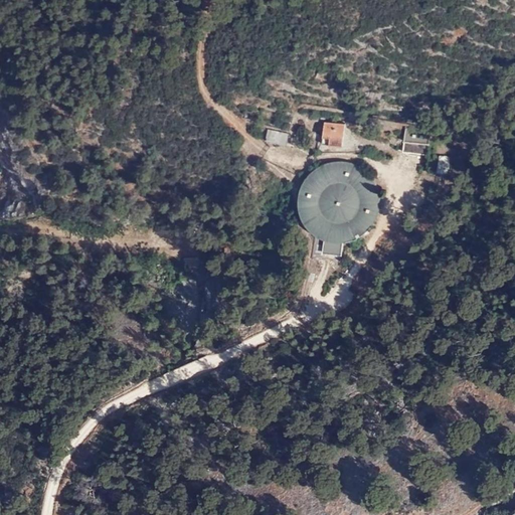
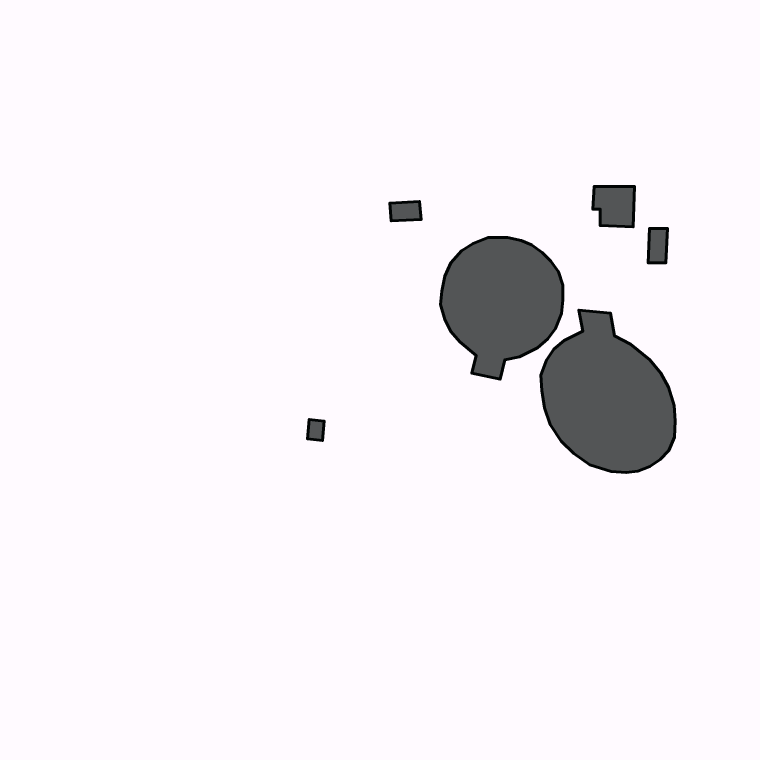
building: [318,123,342,145] -> none
building: none -> [541,310,675,473]

